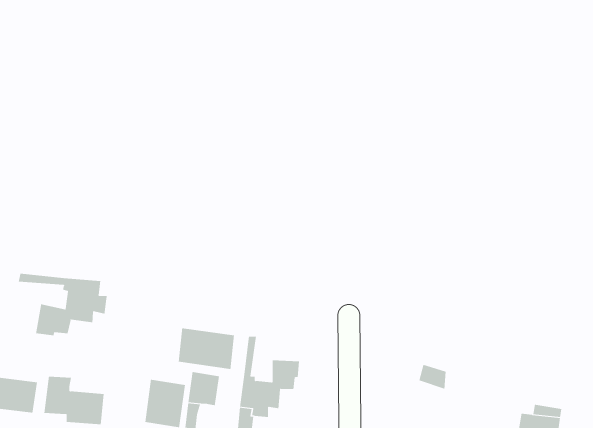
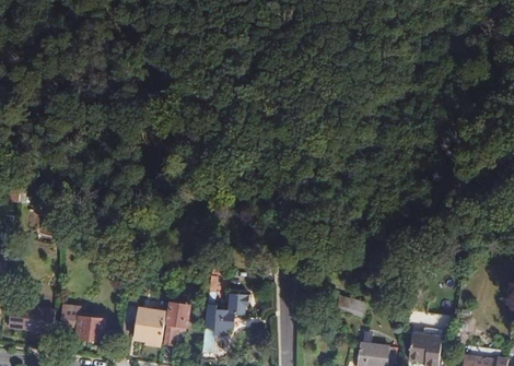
building: [18,273,108,336] -> none
building: [178,327,235,370] -> none

